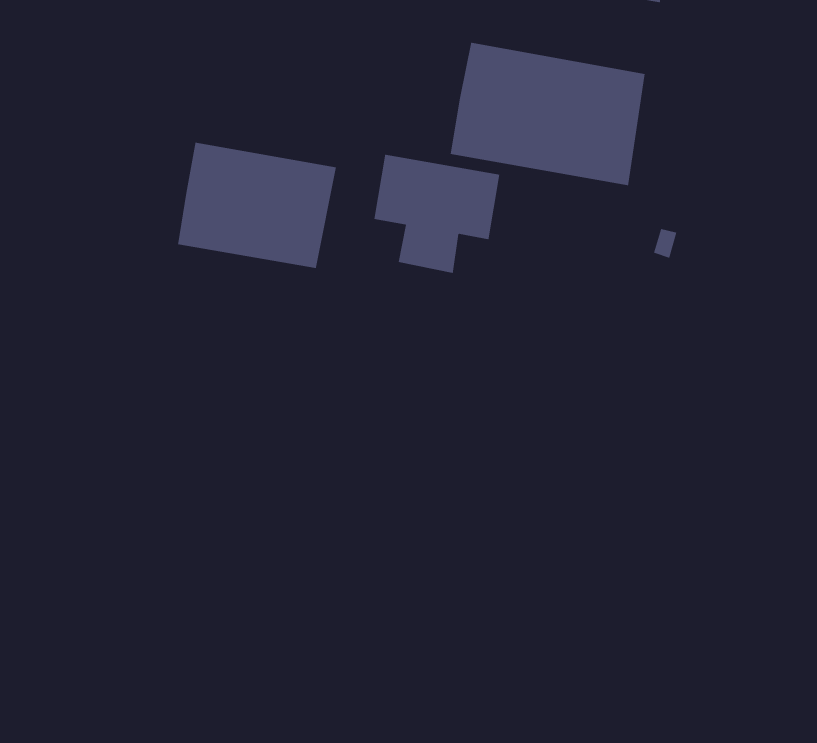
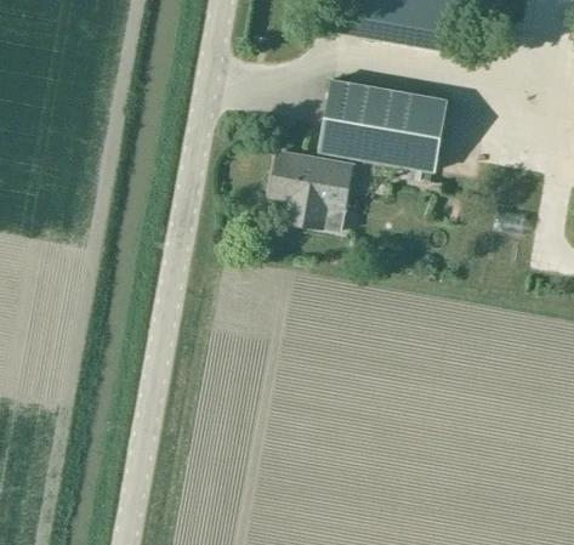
building: [178,142,337,269] -> none

